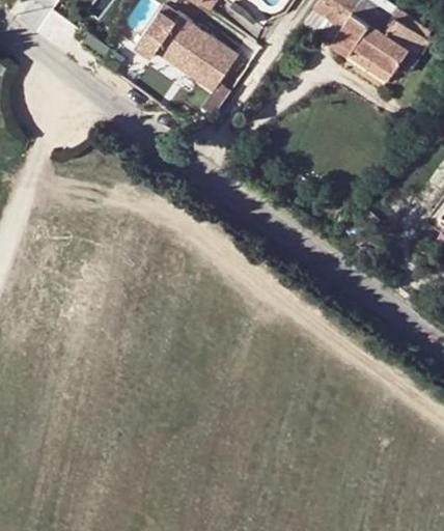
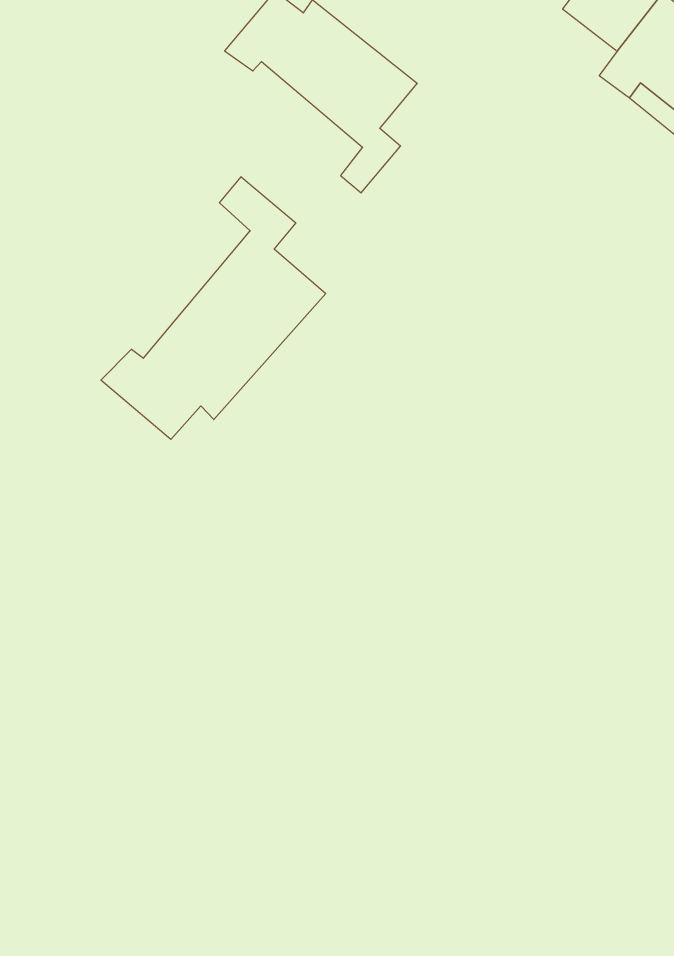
building: none -> [101,177,326,439]

